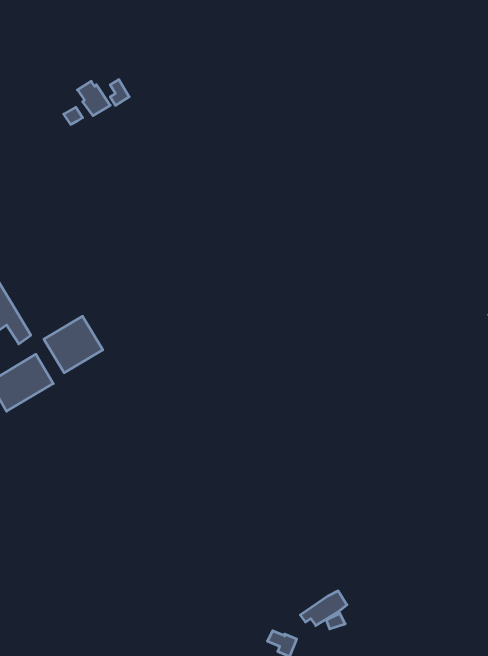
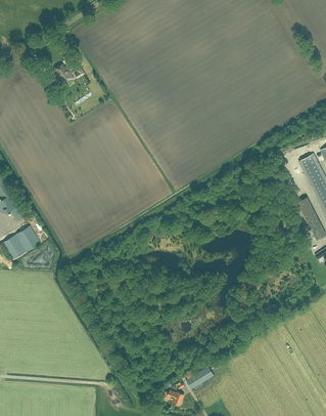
building: [44,316,103,373] -> none

